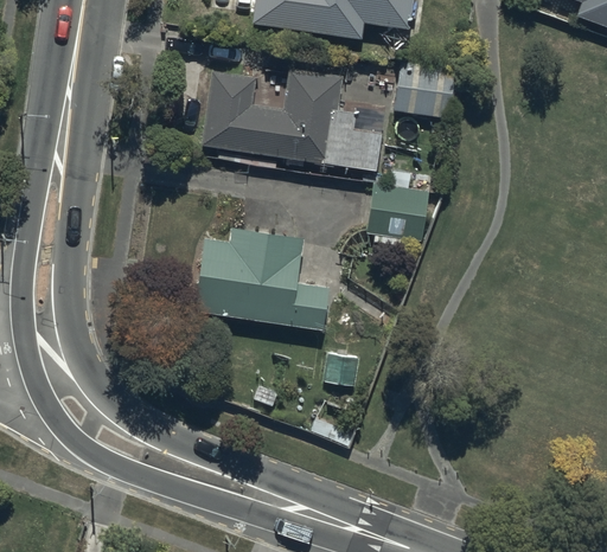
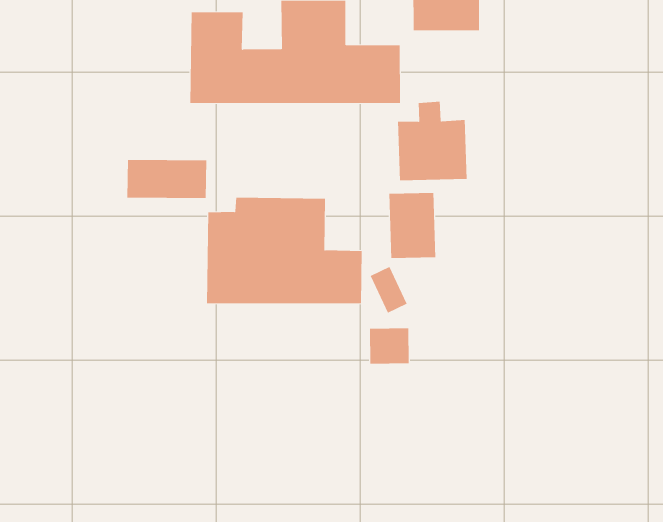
building: none -> [127,159,207,199]
building: none -> [389,192,436,259]

